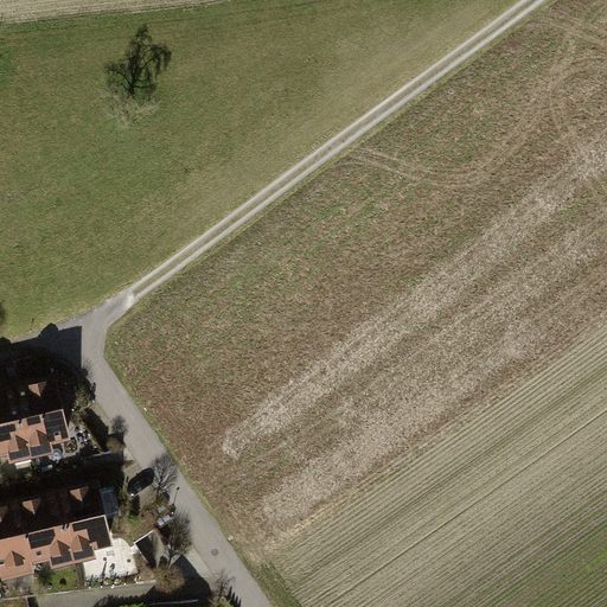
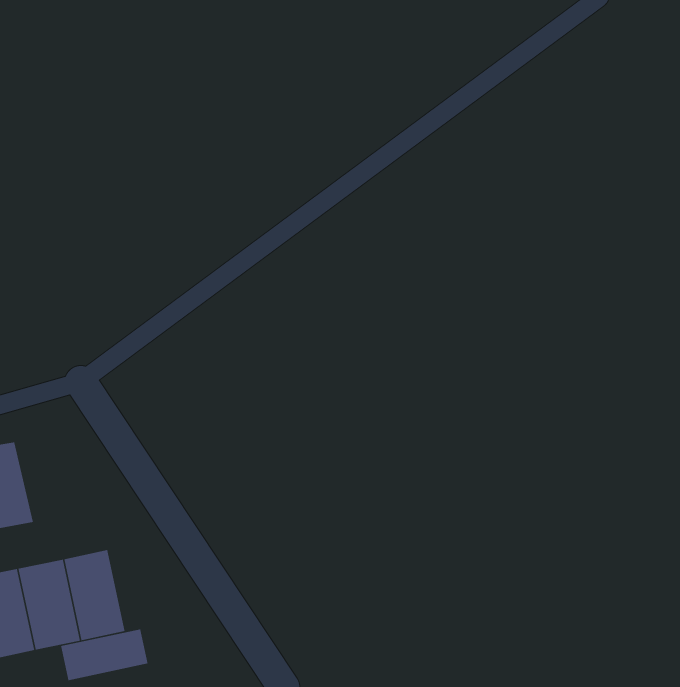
building: [13,379,66,459] -> none
building: none -> [60,628,149,681]

